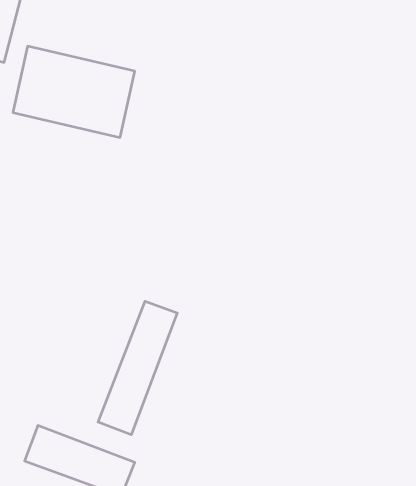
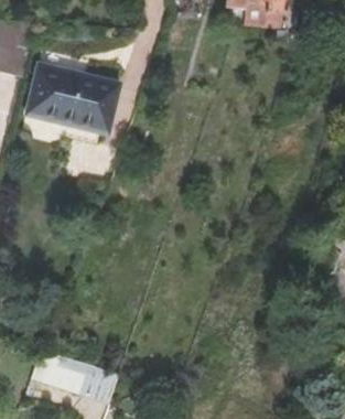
building: [98,301,177,435] -> none

